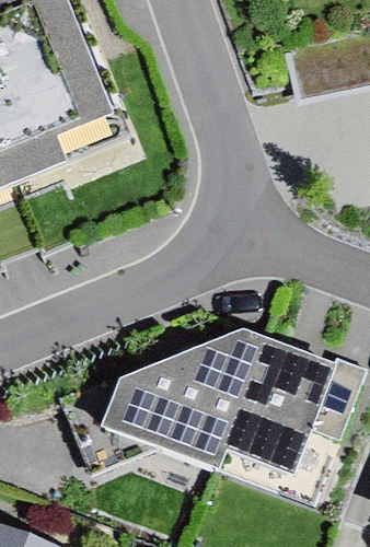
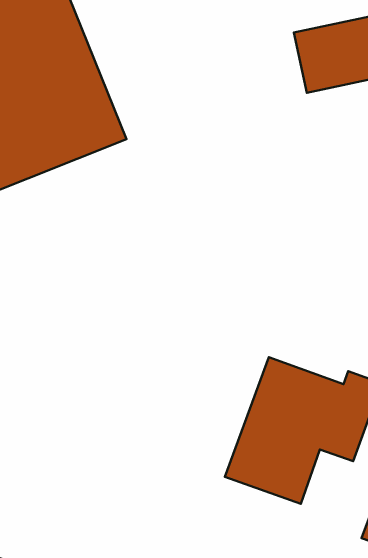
building: [101,329,265,470] -> none

